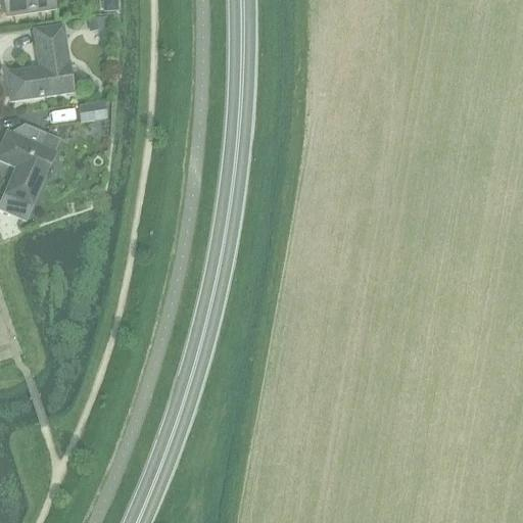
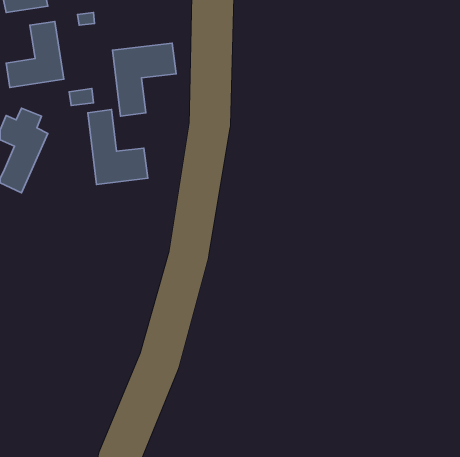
building: none -> [112,43,176,116]
building: none -> [88,110,148,185]

